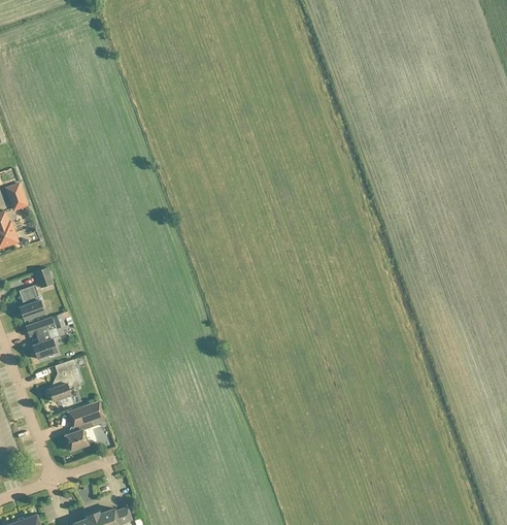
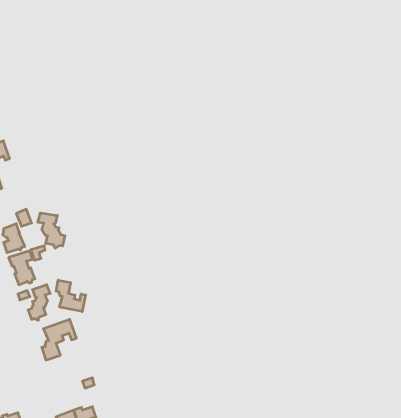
building: none -> [38,213,65,248]
building: none -> [56,280,86,312]

